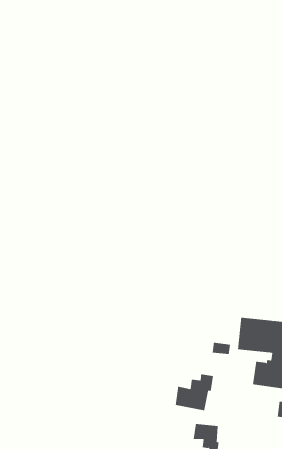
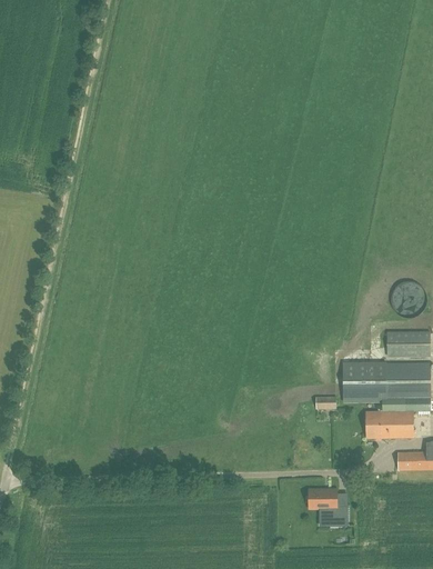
building: [175,374,213,411] -> none

